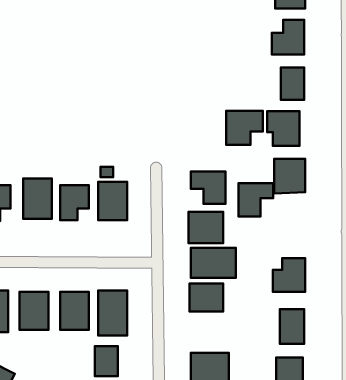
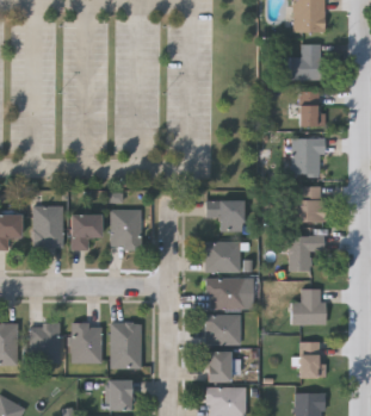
building: [226,111,263,145] -> none
building: [239,183,273,217] -> [289,235,324,269]
building: none -> [206,350,230,381]

